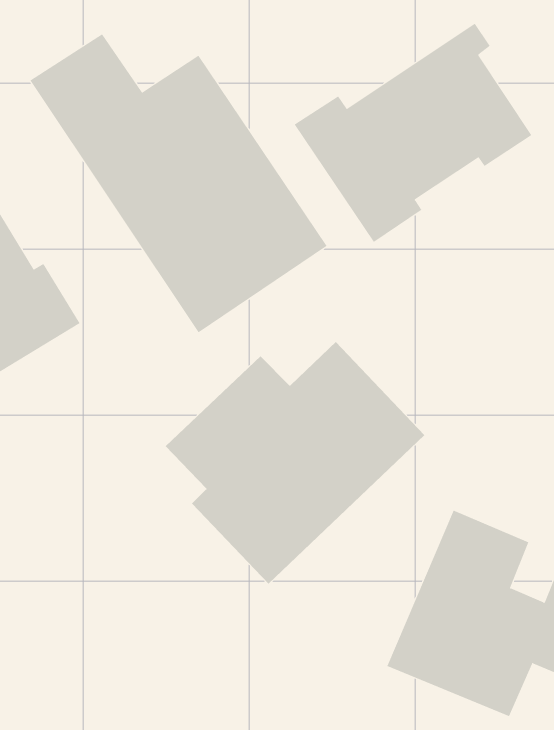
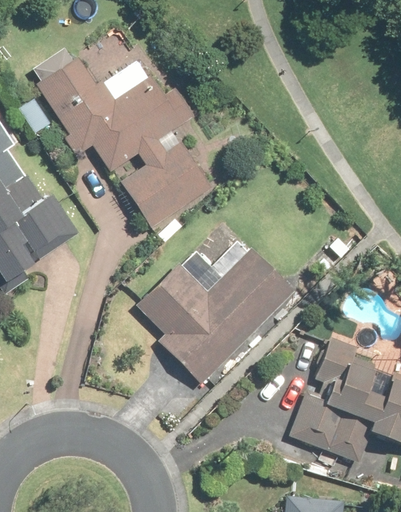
building: [294,23,532,243] -> none

